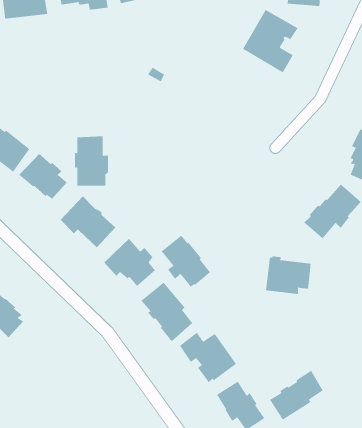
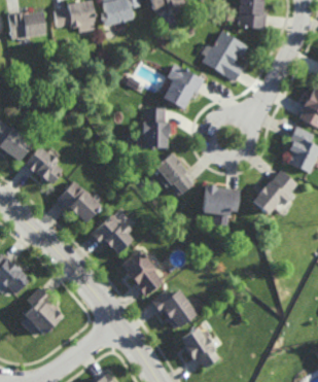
building: none -> [165,64,206,110]
building: [74,136,109,186] -> [143,108,171,148]
building: [161,235,211,288] -> [156,153,197,196]
building: [265,256,312,294] -> [205,185,242,216]
building: none -> [22,287,63,335]
building: [269,370,323,421] -> none

